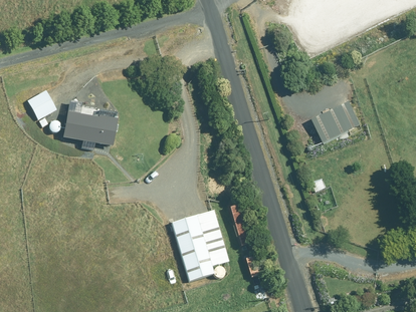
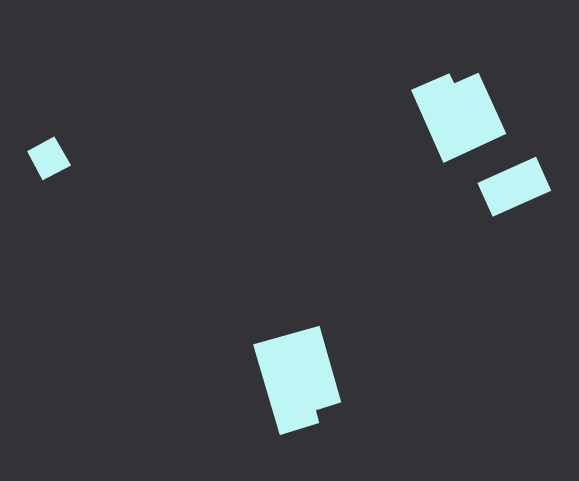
building: none -> [410,72,507,164]
building: [63,100,119,145] -> none

